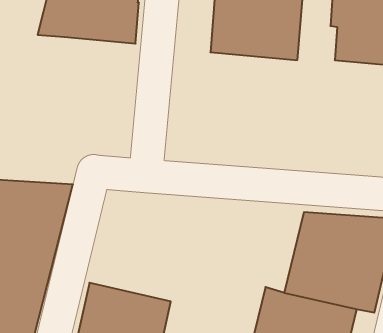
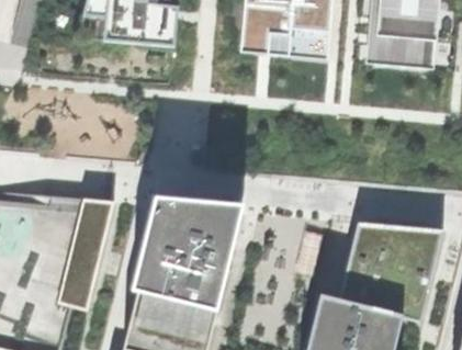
building: none -> [132,201,240,311]

